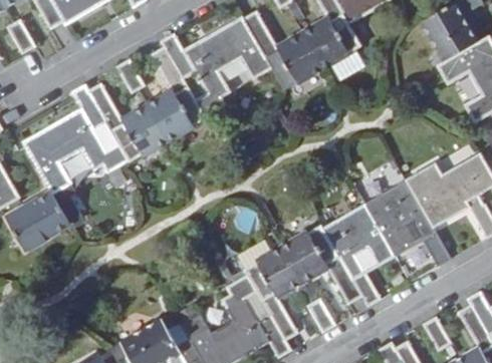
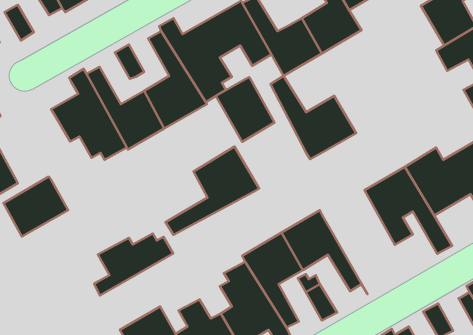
building: none -> [270,76,356,159]
building: none -> [216,77,274,142]
building: [22,123,72,194] -> none
building: none -> [166,146,259,235]
building: [322,204,395,307] -> none
building: none -> [94,233,173,295]

